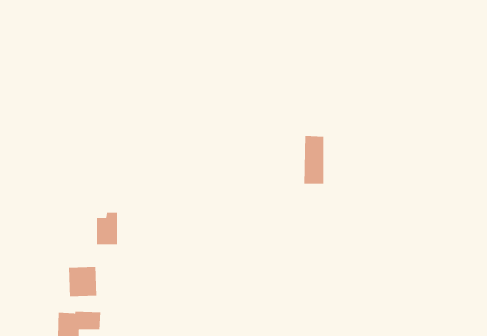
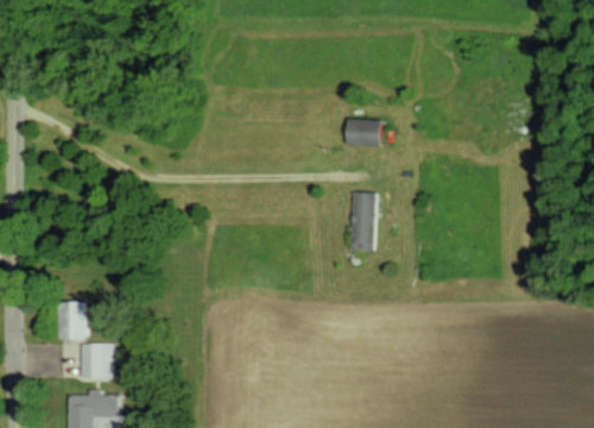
building: none -> [349,119,384,145]
building: [96,212,118,245] -> [59,301,84,339]

